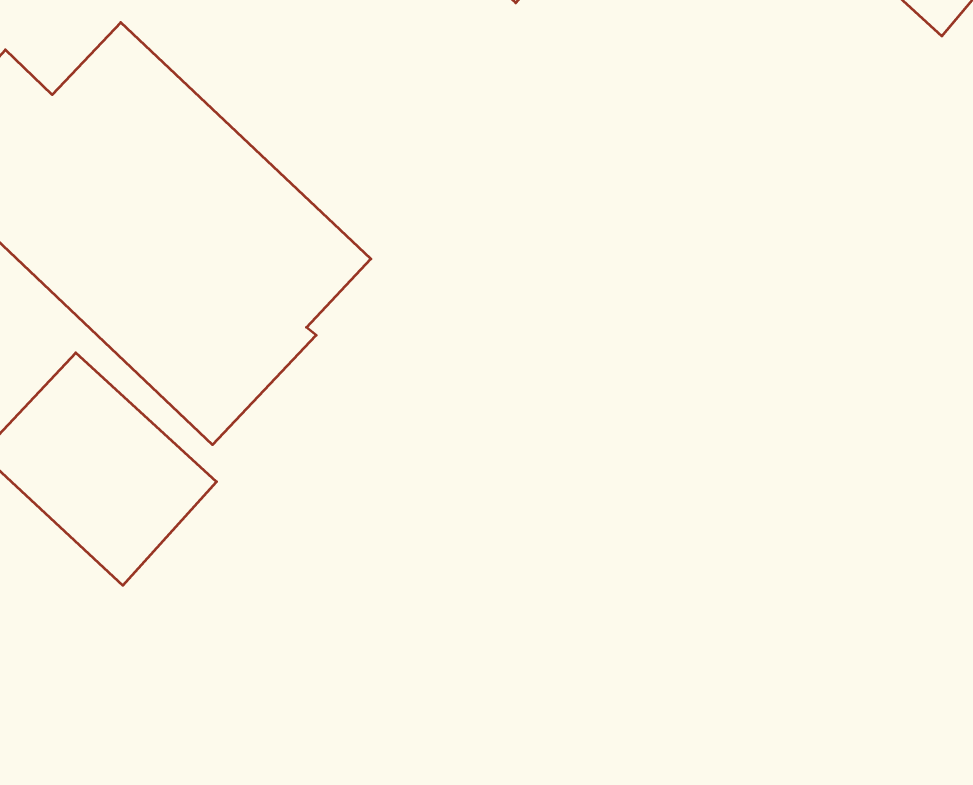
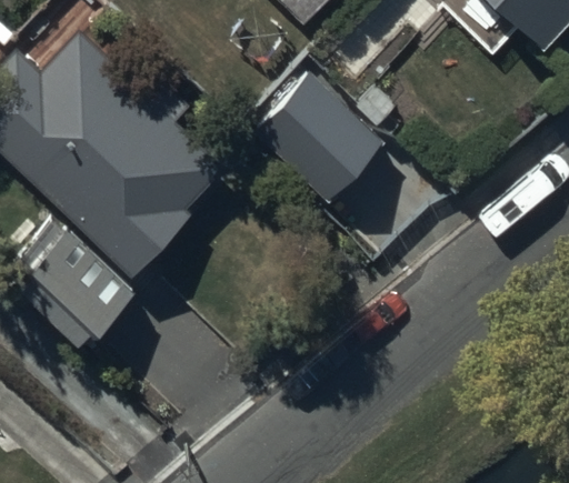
building: none -> [258,74,386,201]

